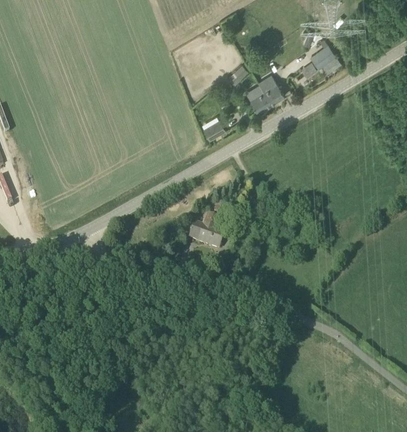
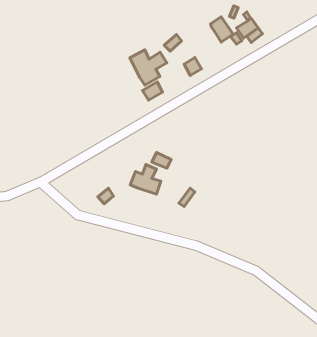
building: [258,71,284,100] -> [211,17,233,42]
building: none -> [130,50,167,85]

